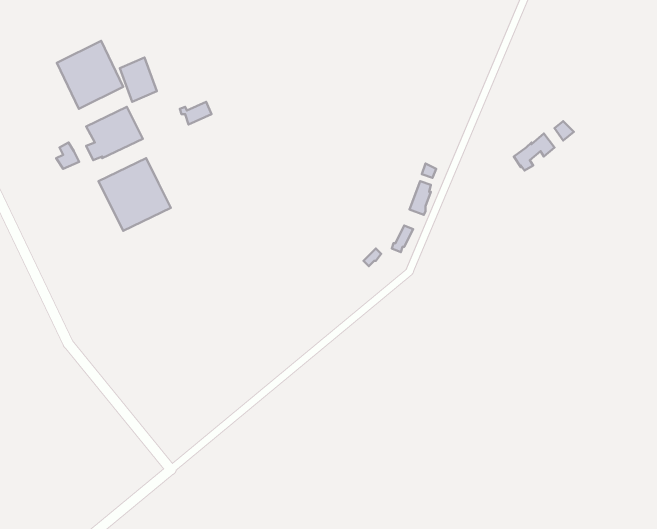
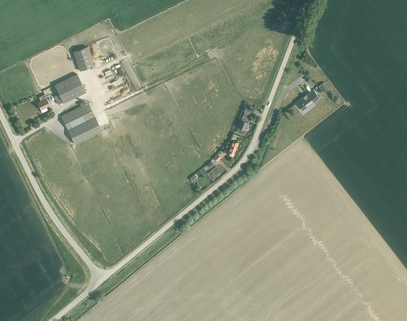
building: [57,41,123,109] -> none

